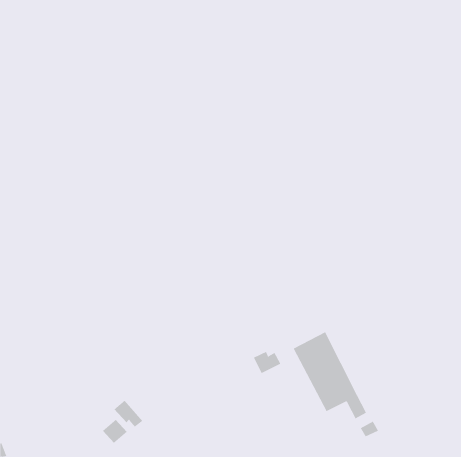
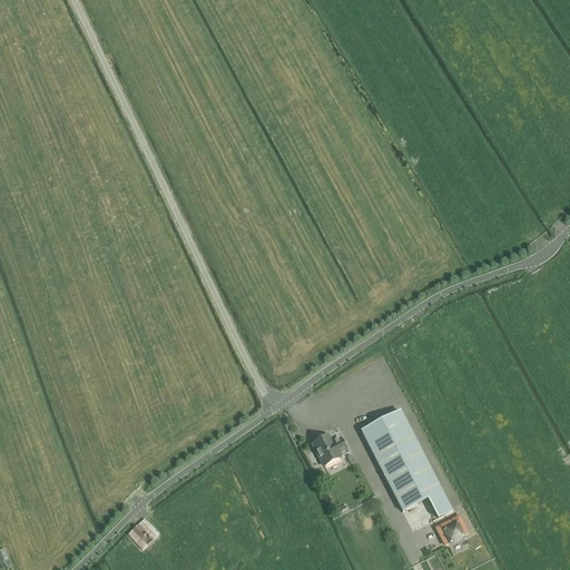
building: [114,400,143,428] -> none

